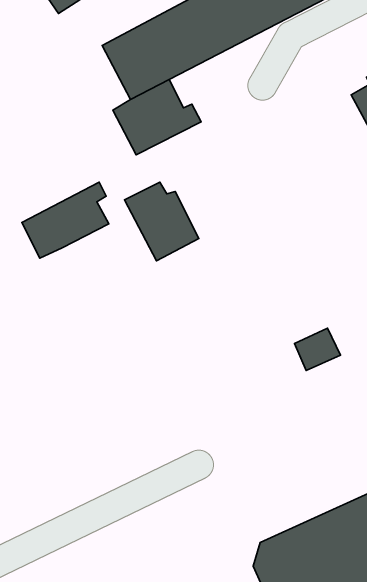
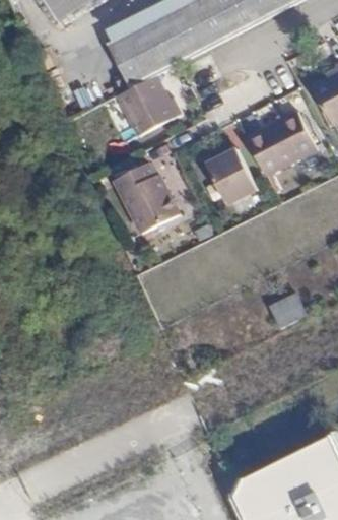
building: none -> [247,112,315,175]
building: none -> [209,146,259,202]
building: [22,182,109,258] -> none

